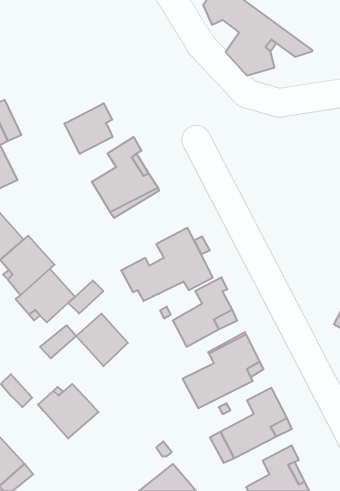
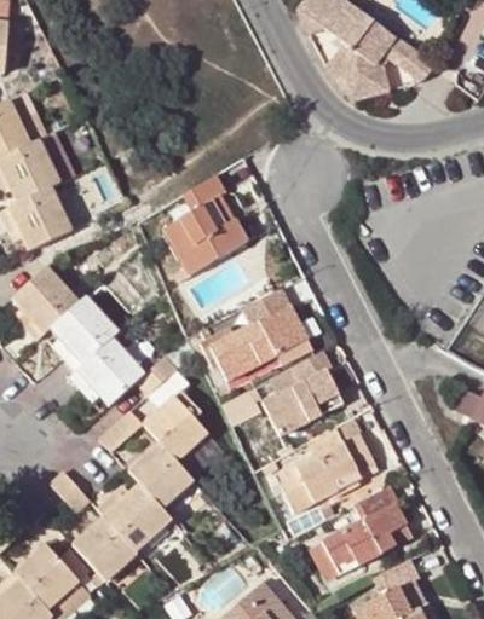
building: [64,103,113,154] -> none
building: none -> [127,440,192,507]
building: none -> [71,516,137,580]

